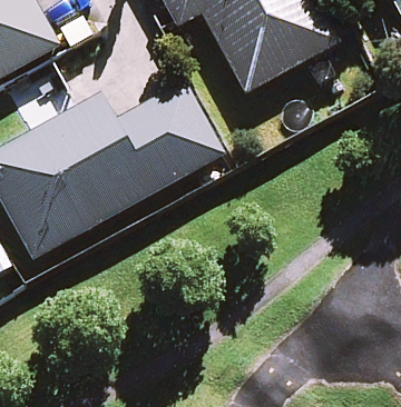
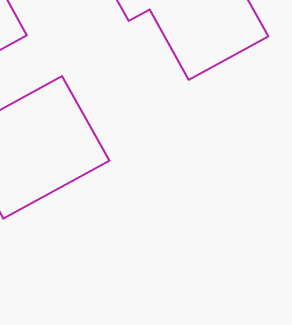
building: [116,82,224,191] -> none

